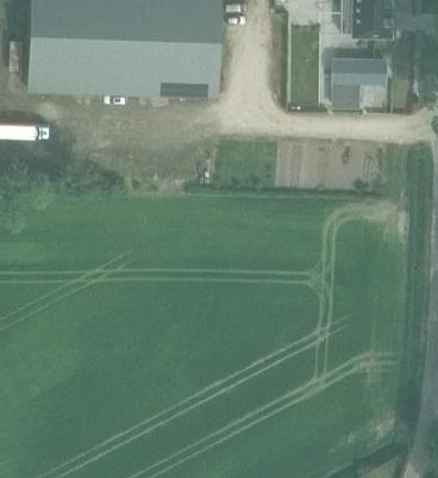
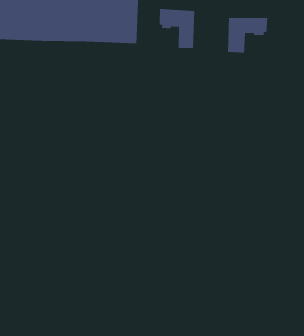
building: none -> [159,8,195,49]

